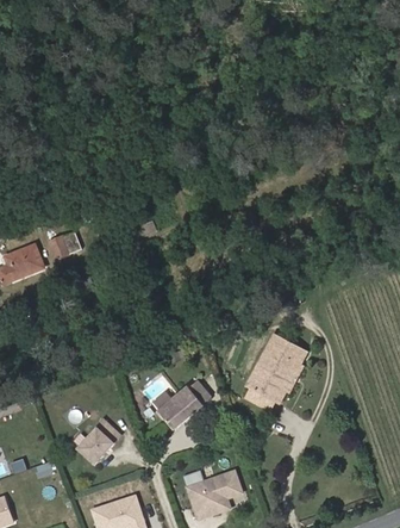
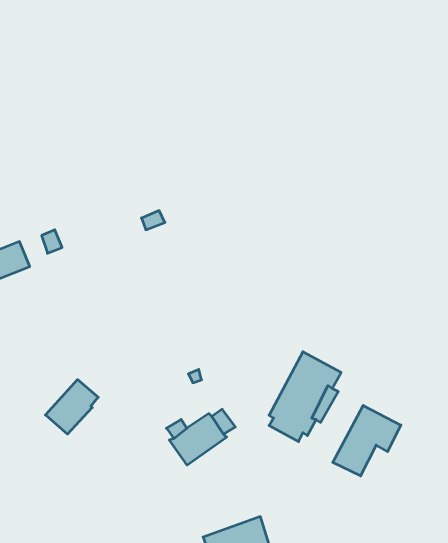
building: none -> [333,405,401,476]
building: [80,421,123,465] -> [45,380,98,434]

